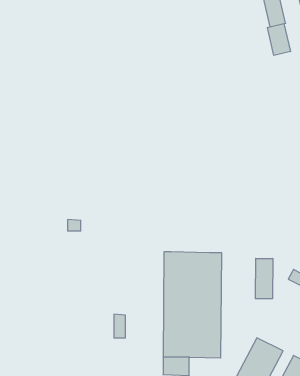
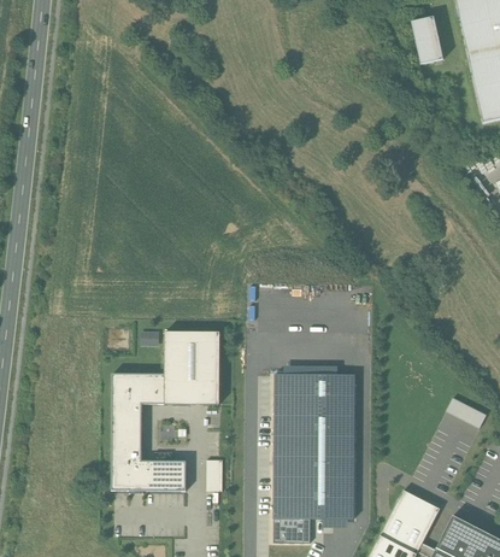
building: [268,24,290,55] -> none
building: none -> [111,332,219,493]
building: [255,258,273,299] -> none

